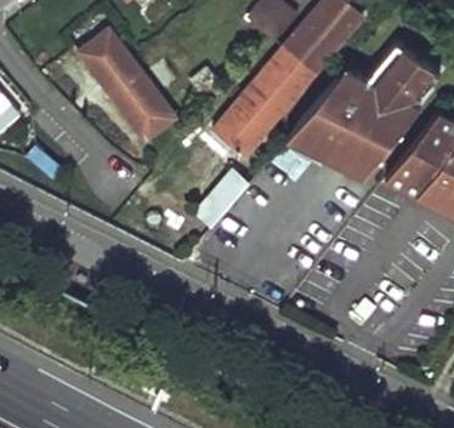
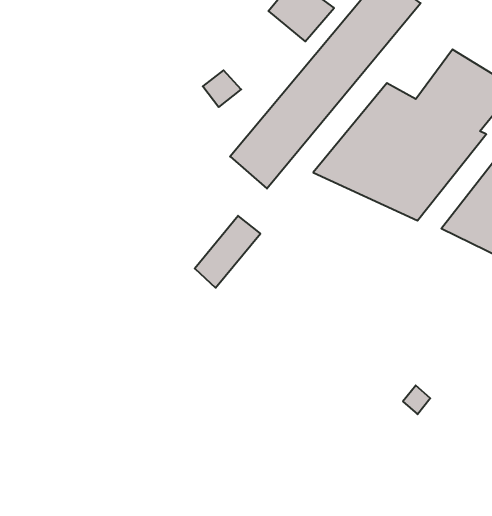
building: [90,32,185,137] -> none

